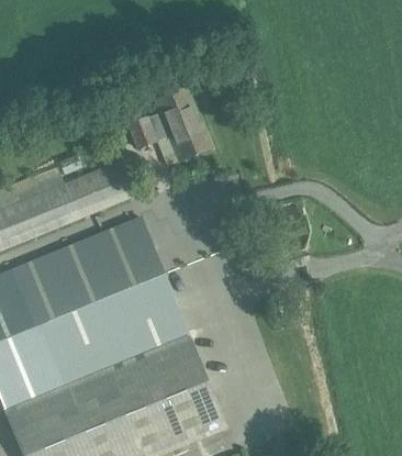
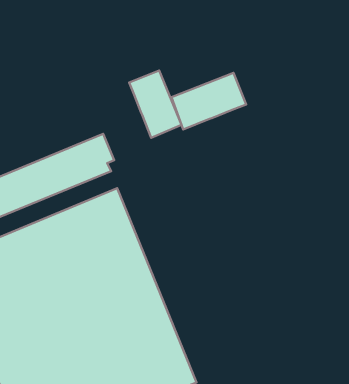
building: none -> [171,73,246,130]
building: [126,113,167,149] -> none

